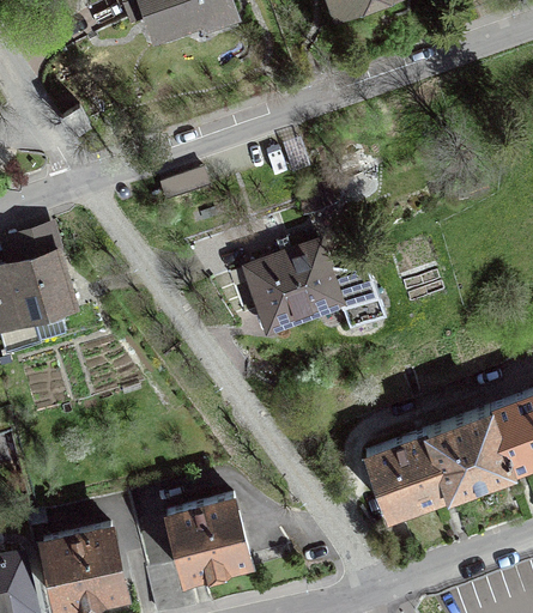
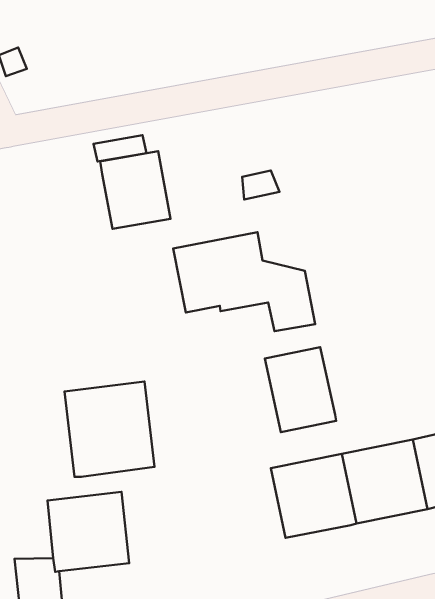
building: none -> [100,151,170,229]
building: none -> [265,347,336,432]
building: none -> [65,382,154,477]

